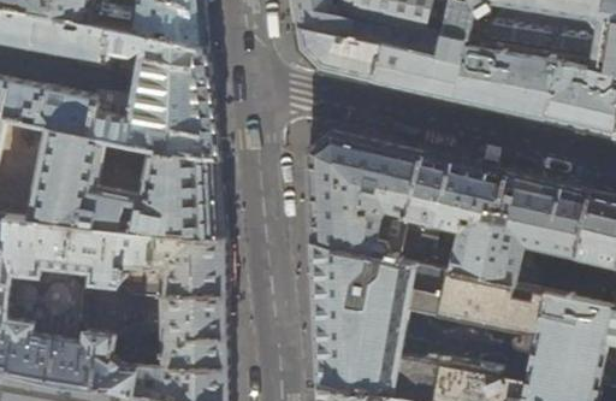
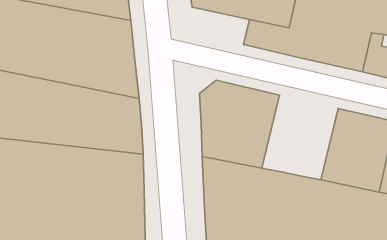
building: [296,28,379,82] -> none
building: [397,155,508,278] -> none

